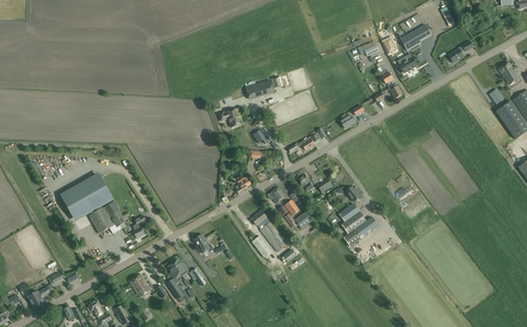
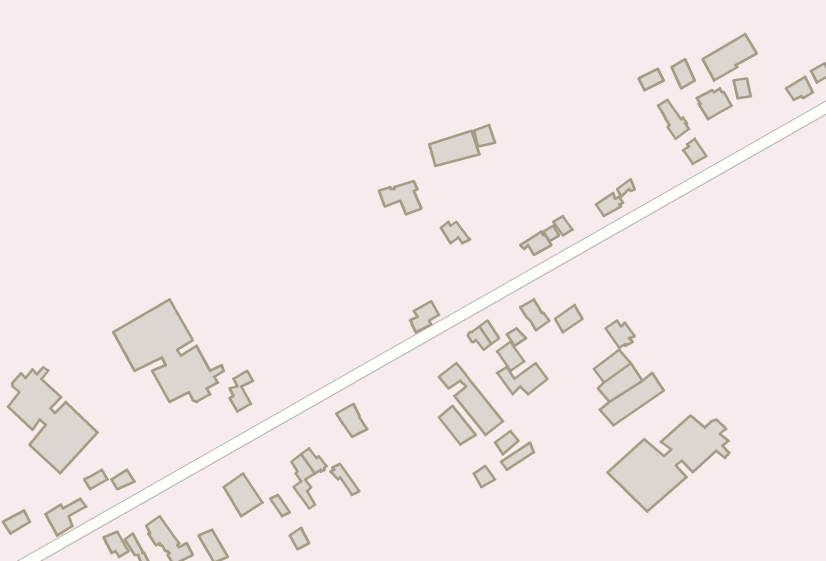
building: none -> [8,367,98,473]
building: none -> [607,416,729,512]

